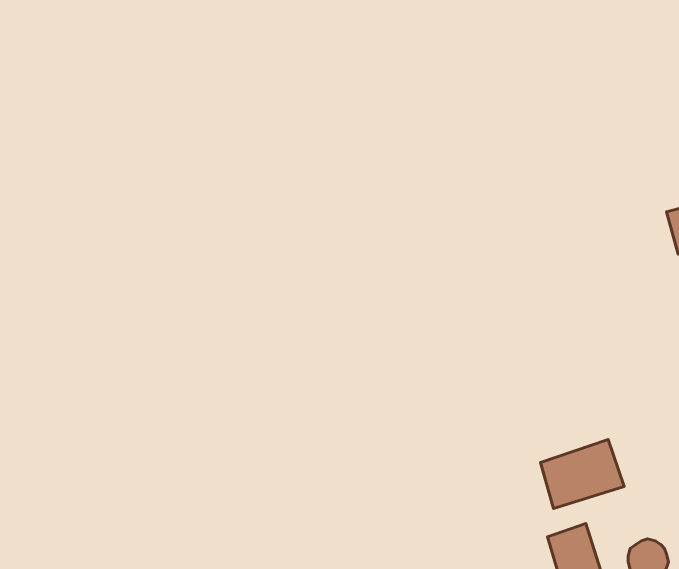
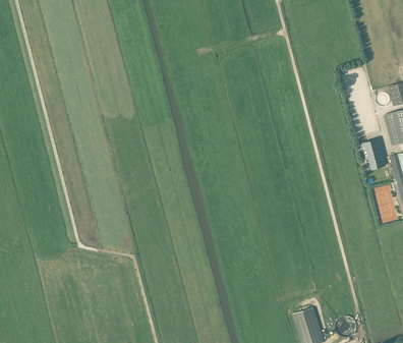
building: [540,440,624,509] -> none

